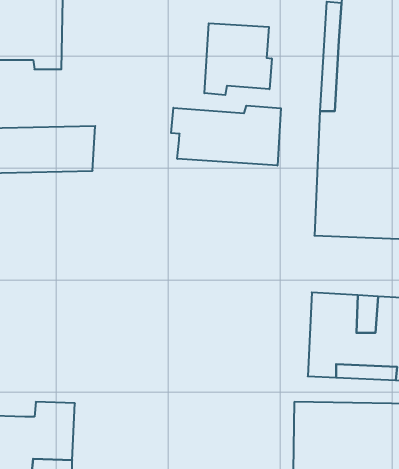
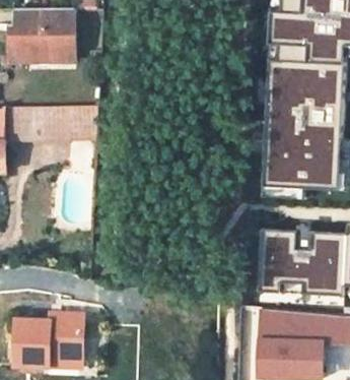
building: [204,23,272,95] -> none
building: [171,106,281,166] -> none

